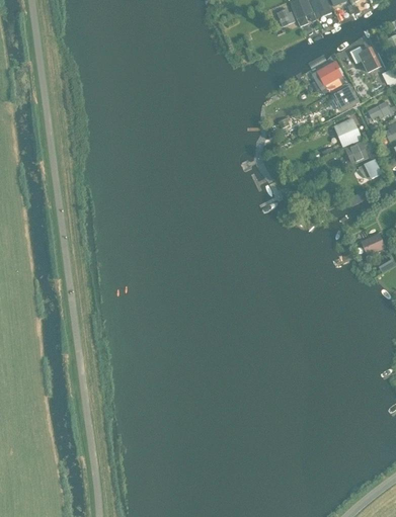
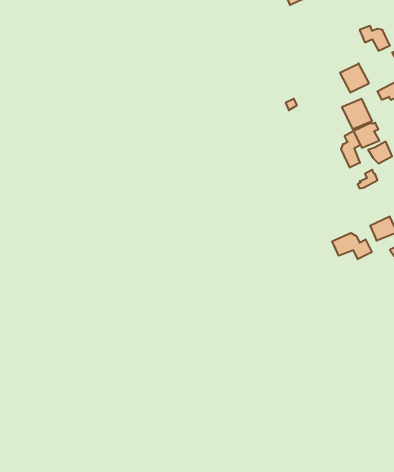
building: [315,60,344,94] -> none
building: none -> [341,131,361,168]
building: none -> [332,233,372,259]

